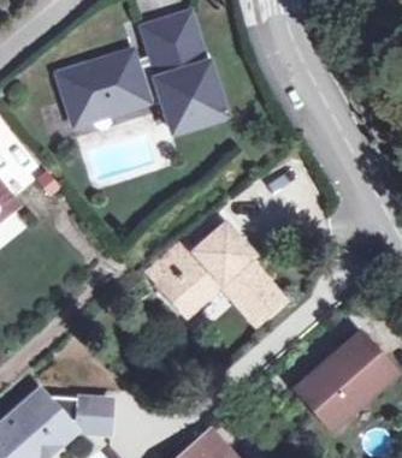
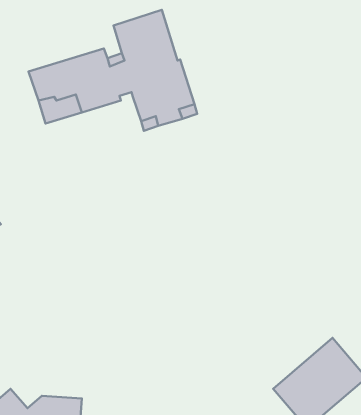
building: [150,222,282,321] -> none

